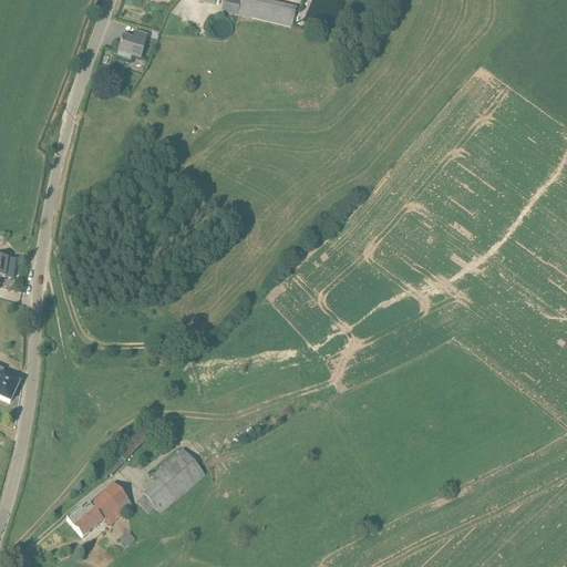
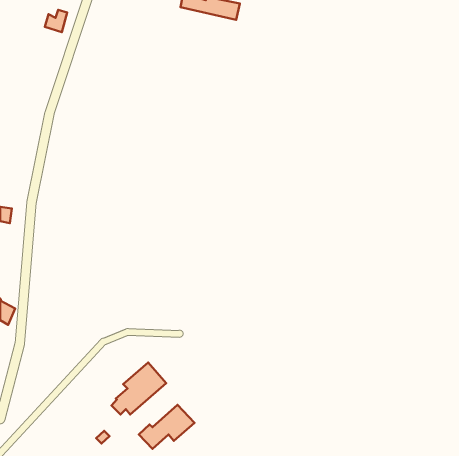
building: [117,28,145,55] -> [45,10,67,32]
building: [65,481,134,535] -> [139,405,195,449]

